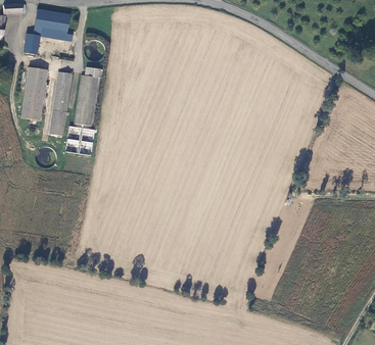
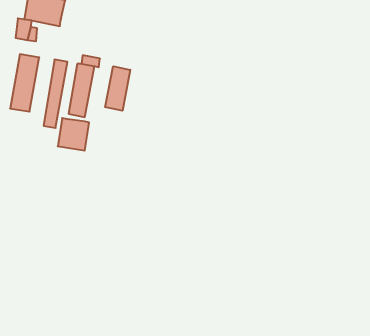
building: none -> [105,66,130,111]

